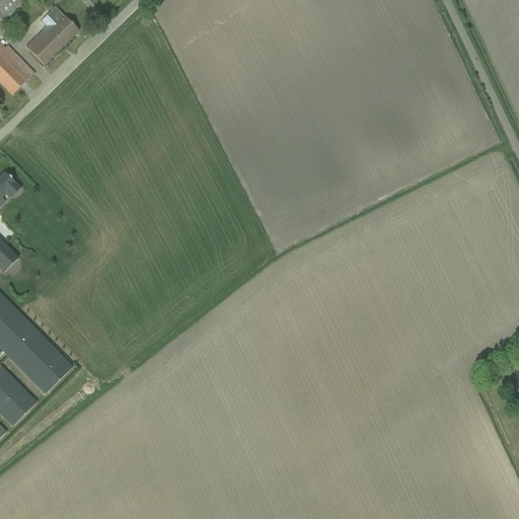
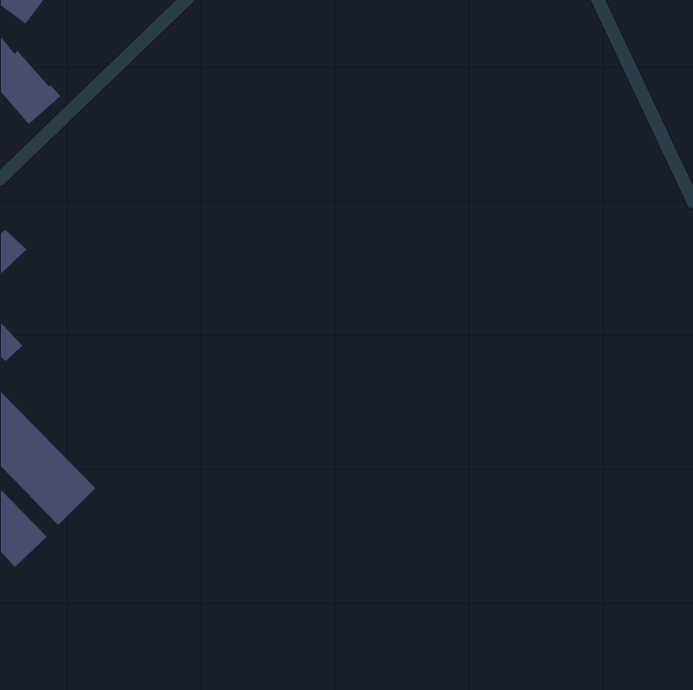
building: [23,6,76,64] -> none

